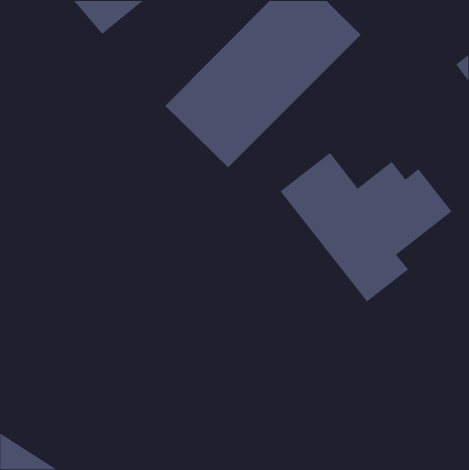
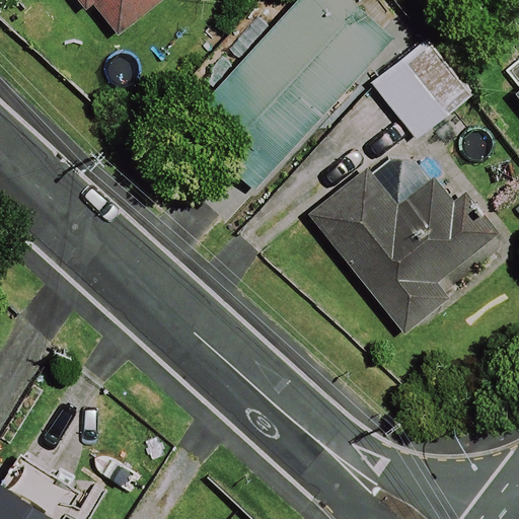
building: none -> [373,39,471,138]

